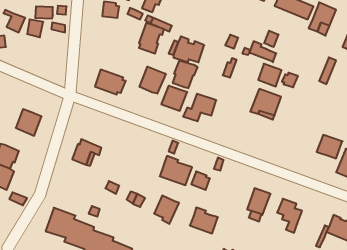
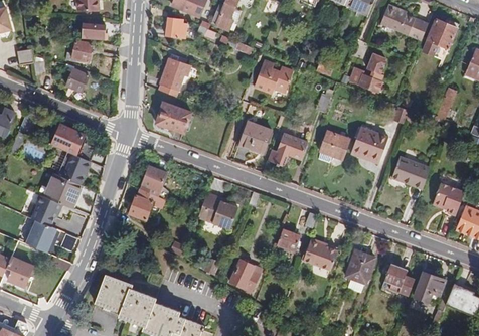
building: [3,10,25,32] -> [61,63,89,92]
building: [139,23,164,54] -> [159,57,190,96]
building: [173,60,197,88] -> none
building: [258,64,282,86] -> [319,131,348,159]
building: [140,67,166,94] -> none
building: none -> [56,126,94,160]
building: none -> [390,156,430,188]
building: none -> [139,165,166,196]
building: none -> [43,172,83,208]
building: [160,156,192,185] -> [197,192,237,228]
building: none -> [413,271,445,302]
building: [190,208,218,233] -> [302,237,337,270]

